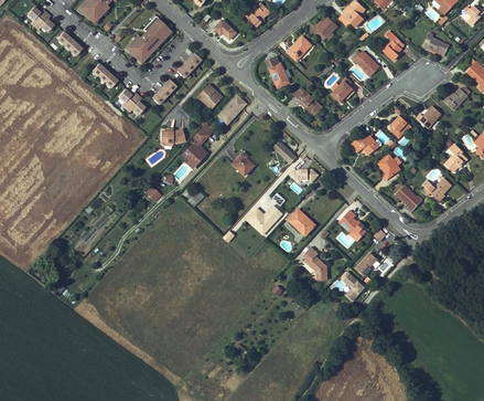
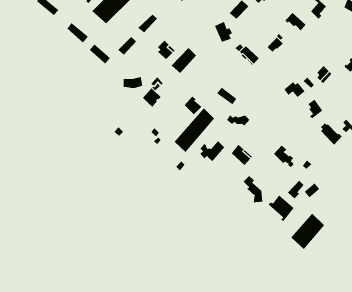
building: none -> [174,107,215,153]
building: none -> [290,213,325,250]

